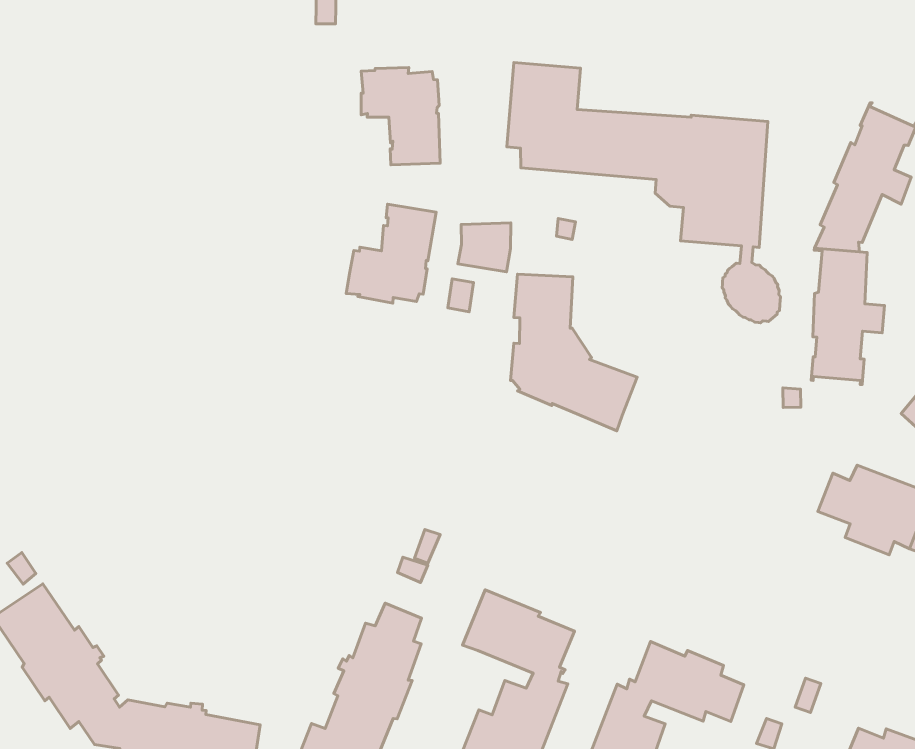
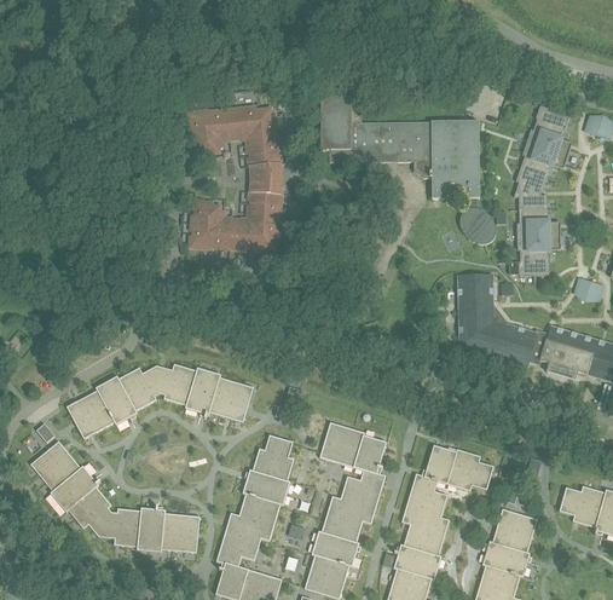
building: none -> [187,109,230,158]
building: none -> [190,201,231,249]
building: [458,223,511,272] -> [249,163,281,194]
building: [511,274,637,431] -> [457,275,536,367]
building: none -> [65,364,253,439]

